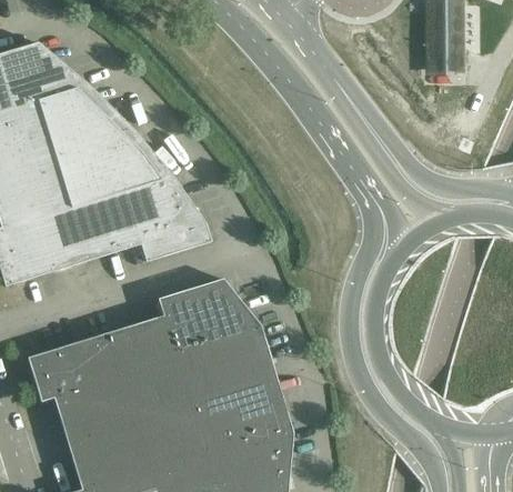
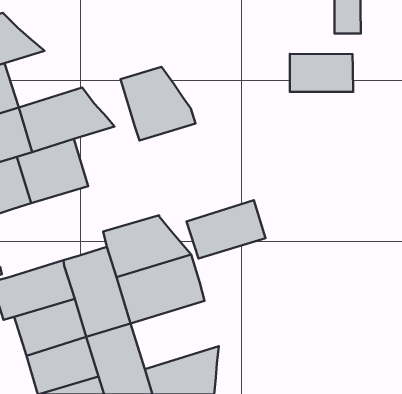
building: [42,87,133,153] -> none
building: none -> [290,54,353,92]
building: [123,175,211,262] -> [121,67,195,141]
building: none -> [187,200,265,258]
building: [190,380,293,460] -> none

